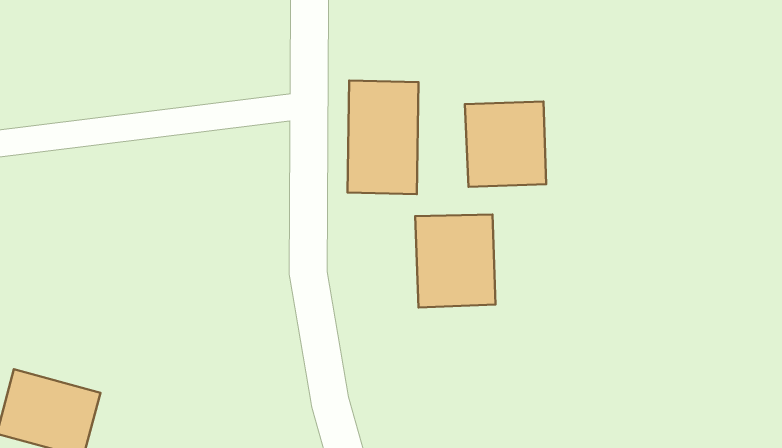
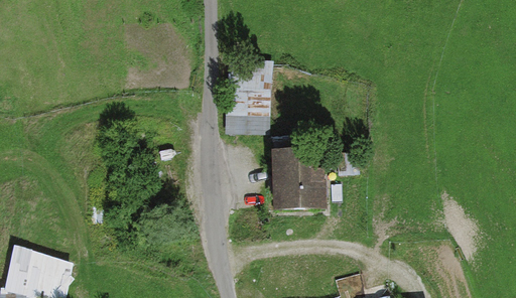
building: [465,101,546,187] -> none

